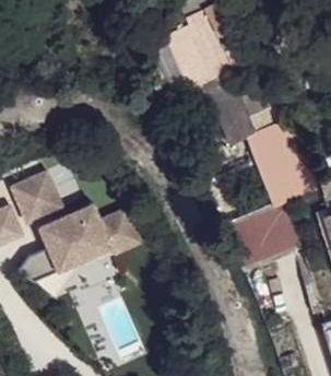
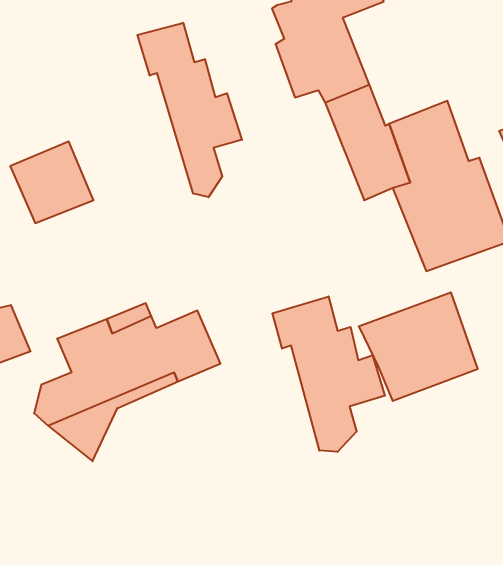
building: none -> [137,23,242,197]
building: [10,174,61,224] -> [10,141,94,223]
building: none -> [272,296,385,452]

